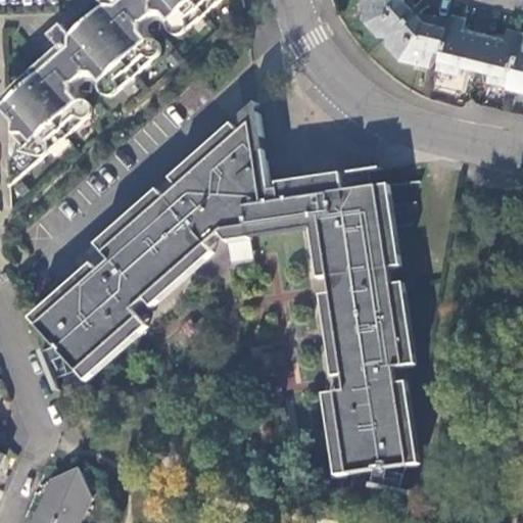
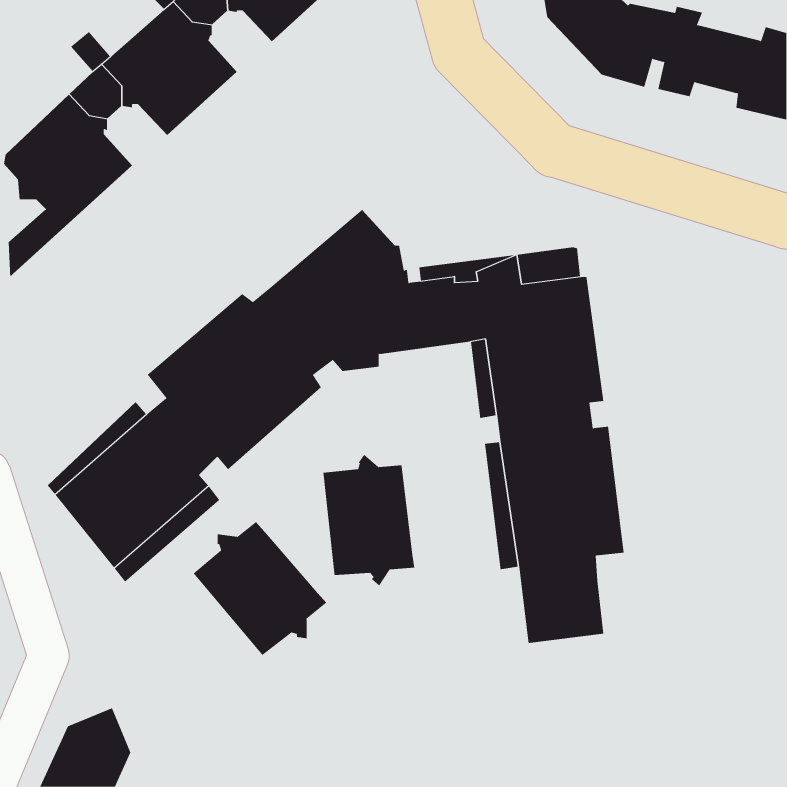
building: [170,105,262,187] -> none
building: none -> [323,454,415,586]
building: none -> [193,521,327,656]
building: [319,378,413,472] -> none

